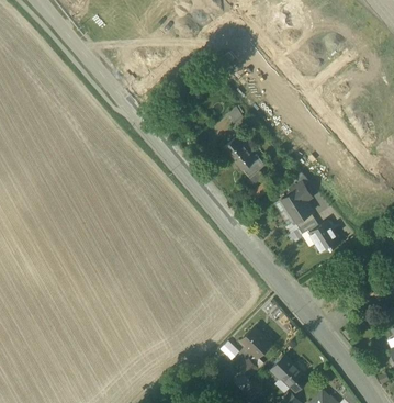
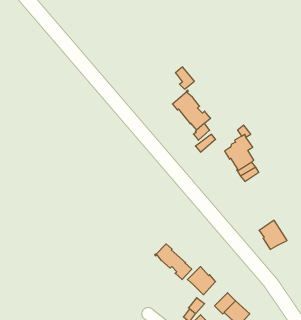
building: [309,221,340,253] -> [259,220,287,249]
building: none -> [155,244,192,280]

